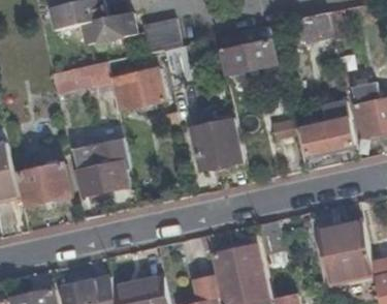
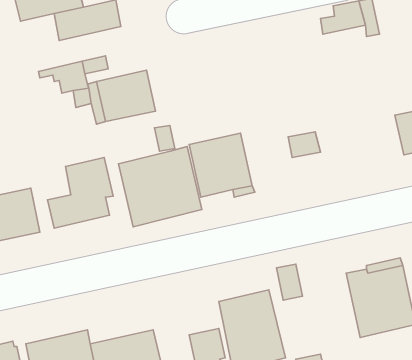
building: [140,18,179,52] -> none
building: [216,25,275,75] -> none
building: [301,101,353,154] -> none
building: none -> [119,146,202,227]

